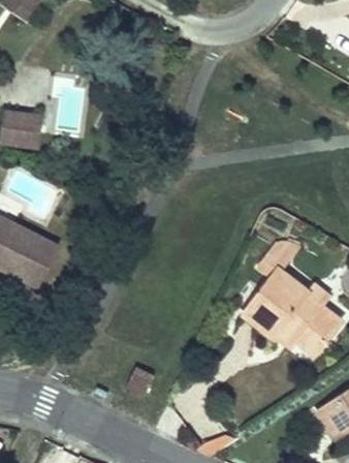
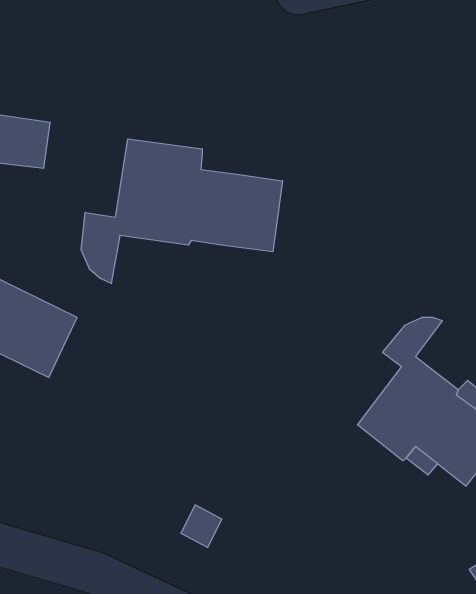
building: none -> [81,139,282,284]

